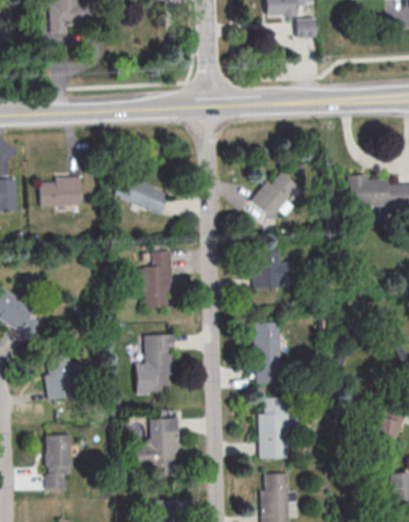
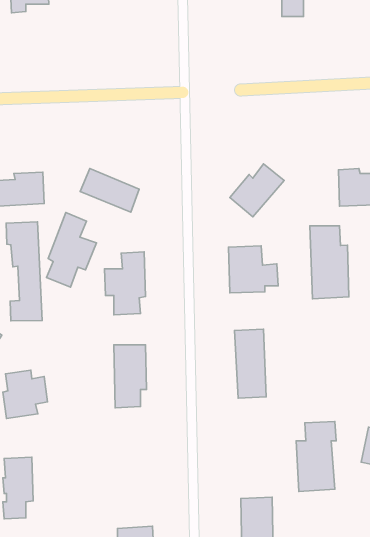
building: none -> [46,213,97,287]
building: none -> [6,222,42,321]
building: none -> [310,226,349,299]
building: [256,395,292,459] -> [296,421,336,492]
building: [135,417,182,476] -> none

